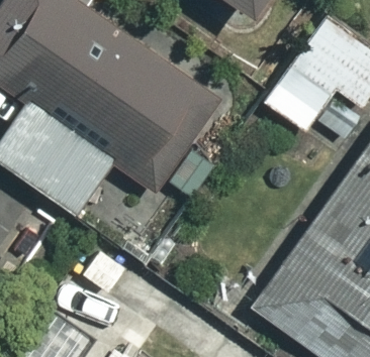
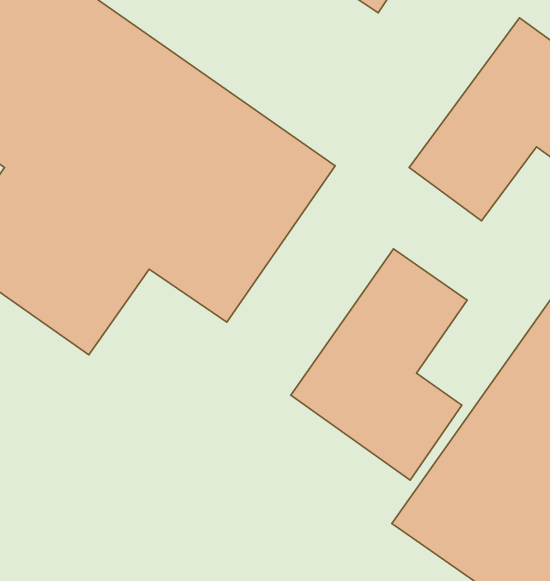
building: none -> [291,249,467,480]

